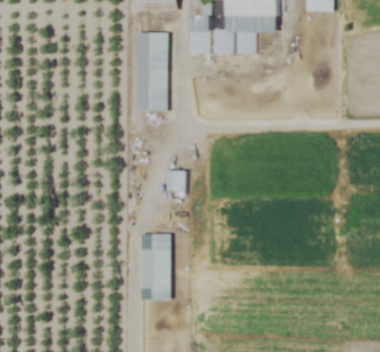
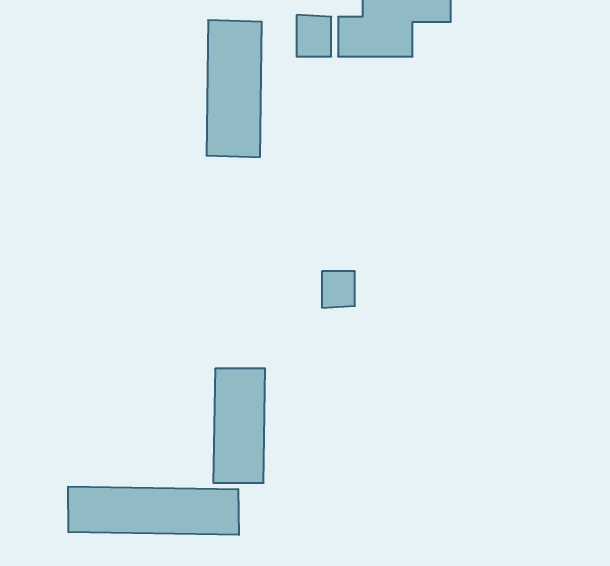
building: [166,170,185,192] -> [322,271,355,308]
building: none -> [68,487,239,535]

